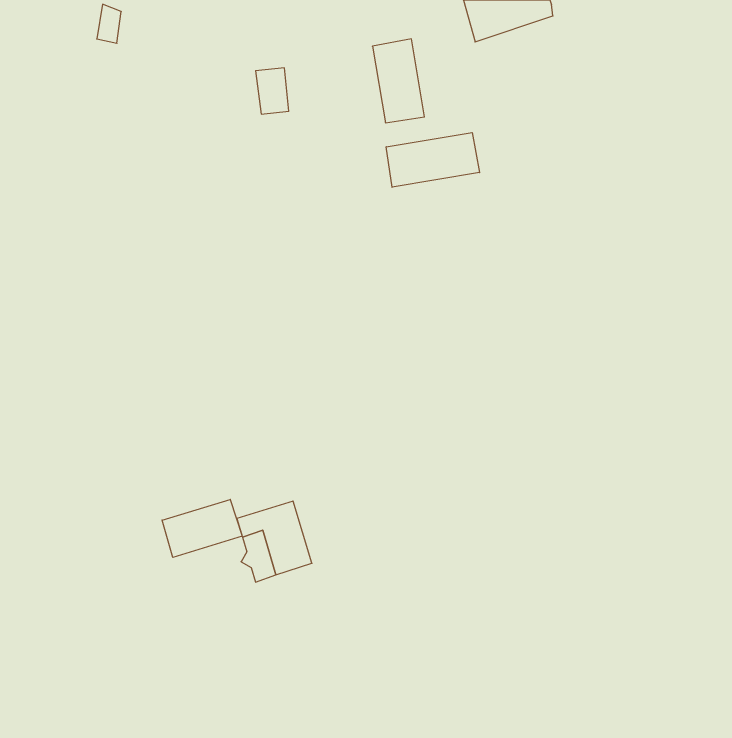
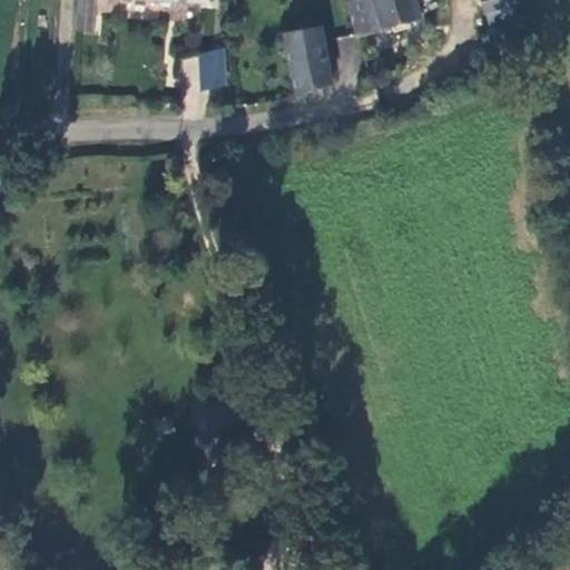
building: [386,133,480,187] -> none
building: [162,499,242,557] -> none

